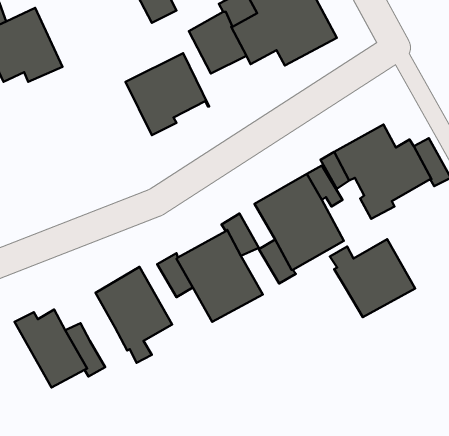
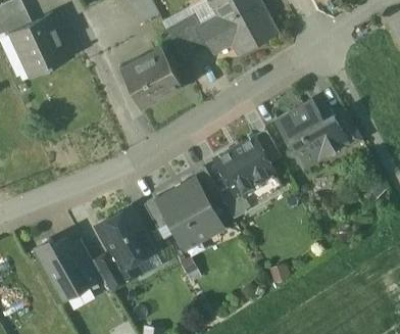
building: [330,239,415,317] -> none
building: none -> [93,250,128,288]

